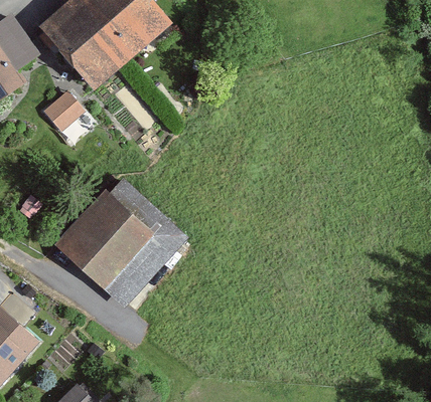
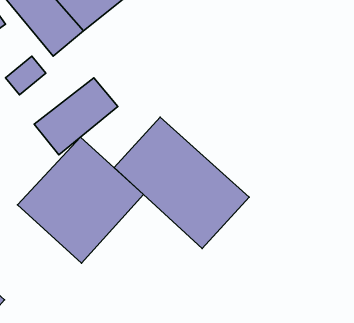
building: none -> [34,78,118,155]
building: none -> [114,117,249,248]

